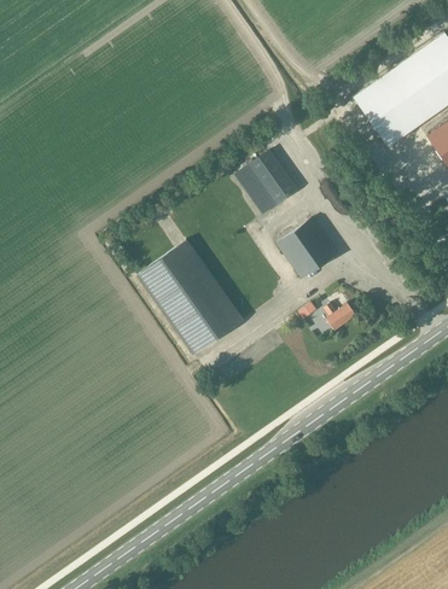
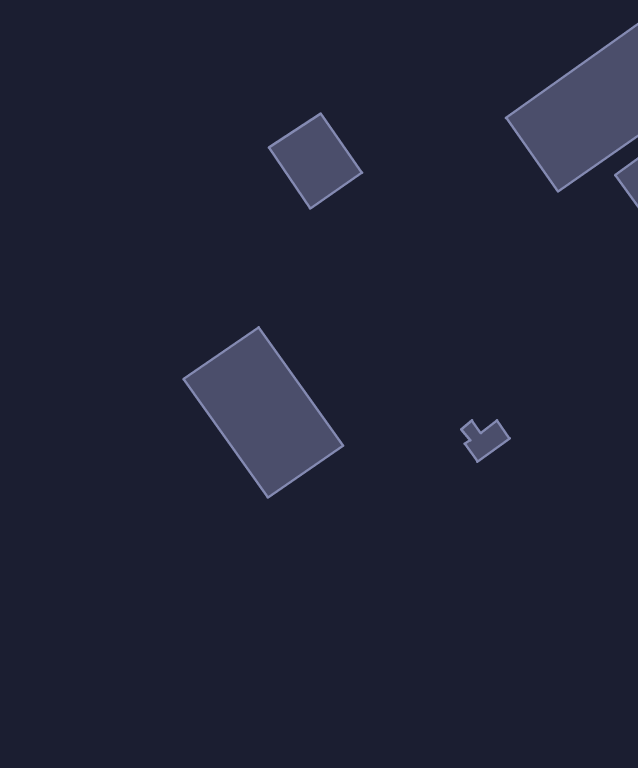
building: [234,150,297,214] -> [269,114,362,208]
building: [275,217,336,278] -> none

